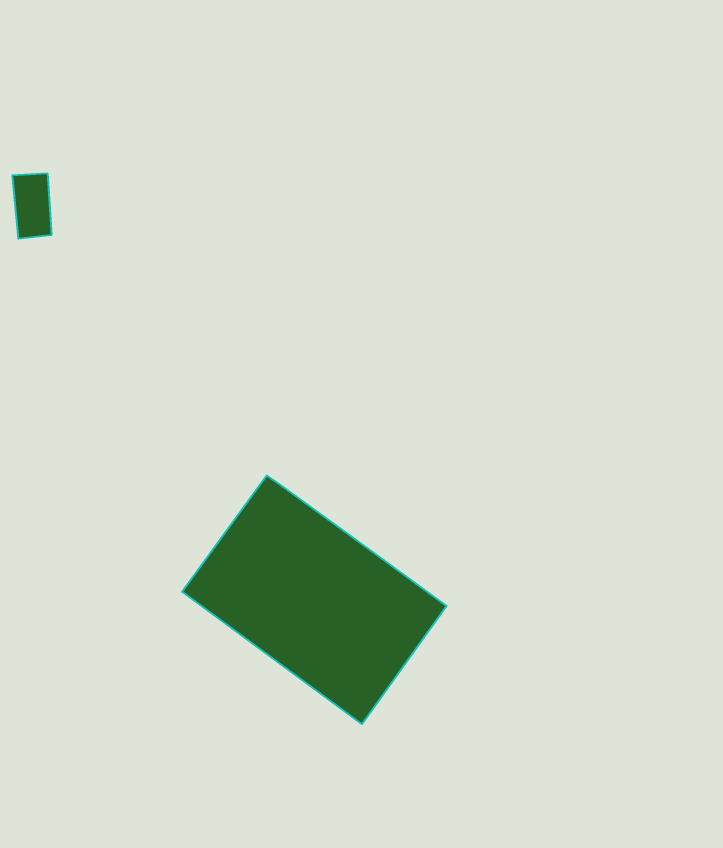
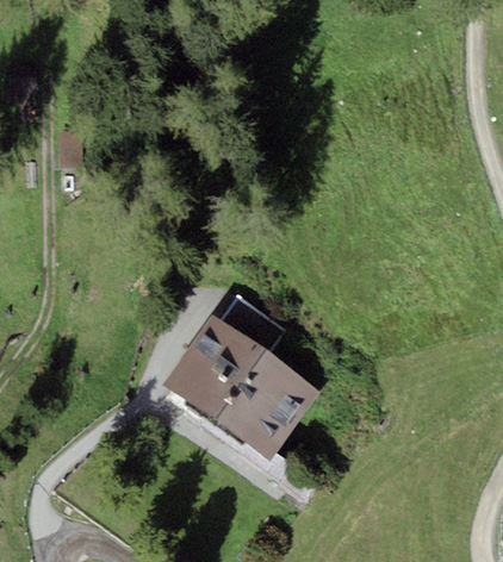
building: none -> [218,294,282,352]

